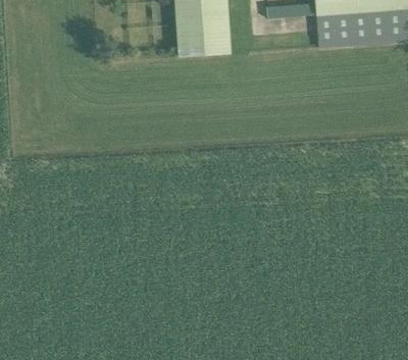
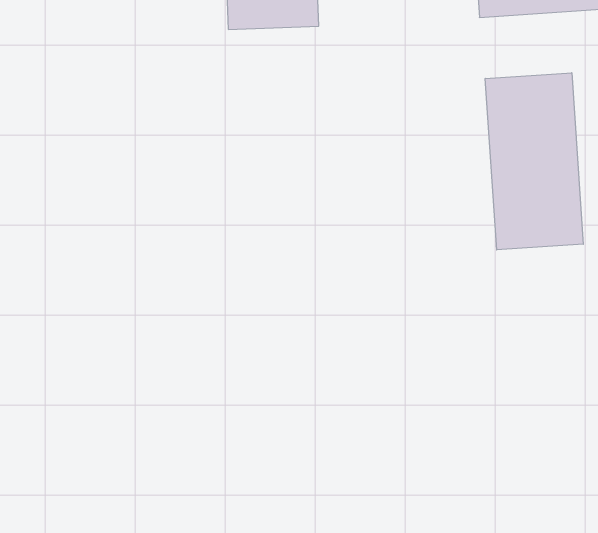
building: none -> [485,73,583,250]

